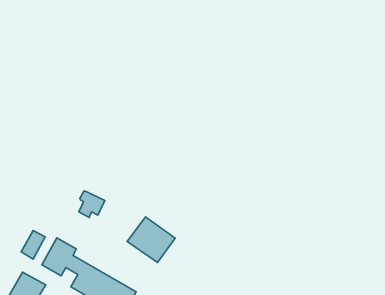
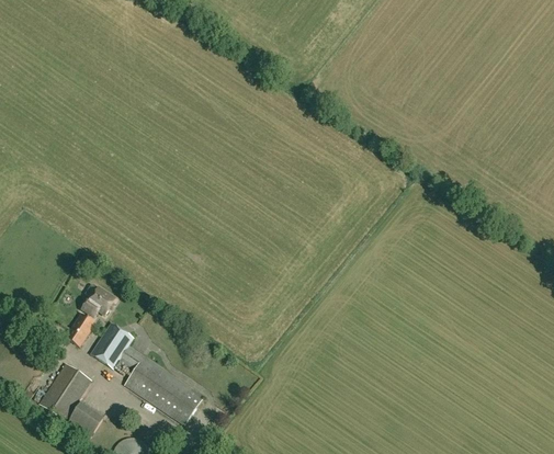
building: [79,191,105,217] -> [82,284,115,317]
building: [127,217,175,262] -> none

